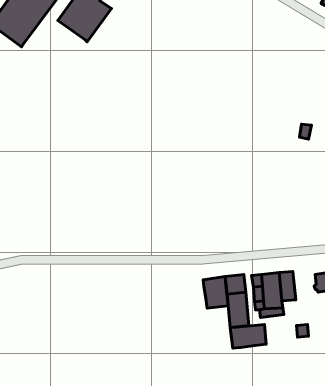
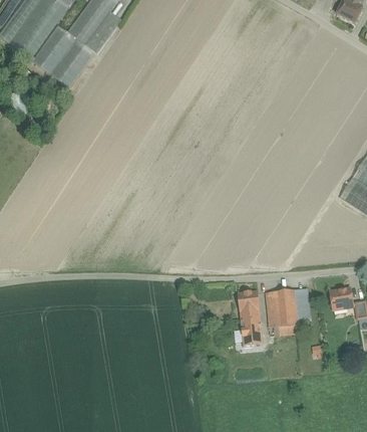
building: none -> [30,24,95,86]
building: [203,277,228,308] -> none
building: [230,324,266,348] -> none

